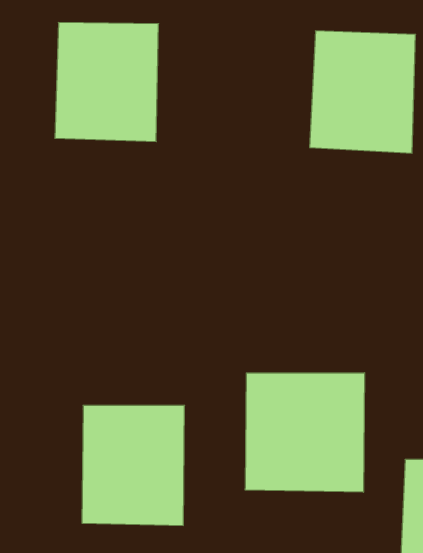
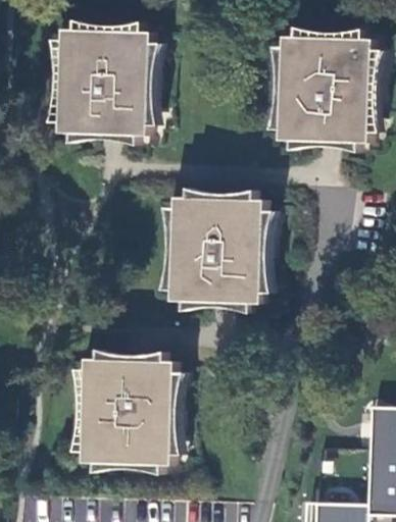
building: none -> [174,199,264,303]
building: [245,373,365,492] -> none

